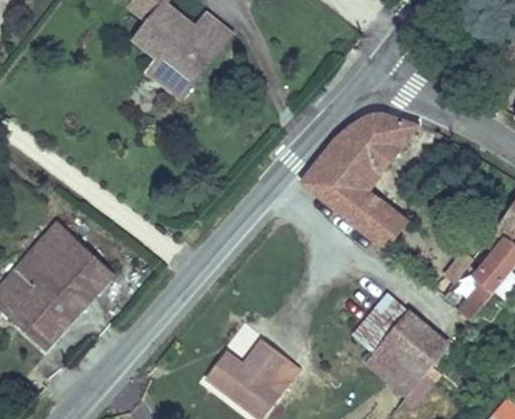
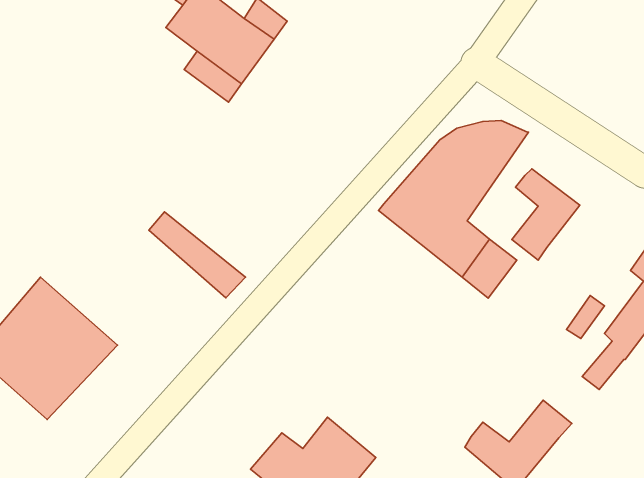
building: none -> [512,169,580,260]
building: [41,218,116,284] -> [149,212,245,298]
building: [351,292,428,359] -> none

